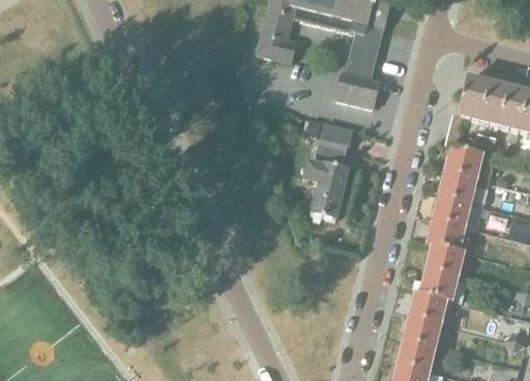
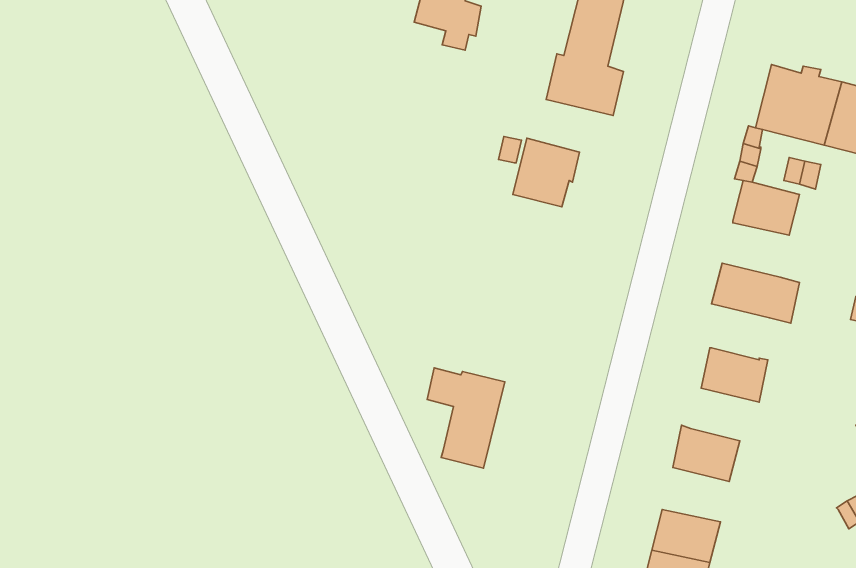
building: [303,159,349,218] -> [427,368,505,468]
building: [438,170,477,202] -> none
building: [426,217,466,251] -> none
building: [419,267,460,300] -> none
building: [403,314,447,349] -> none

